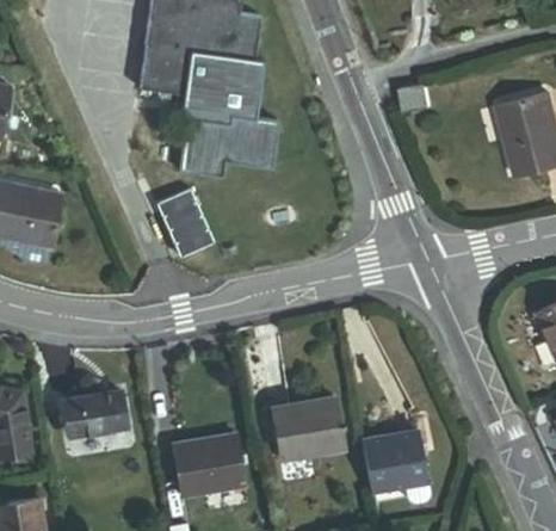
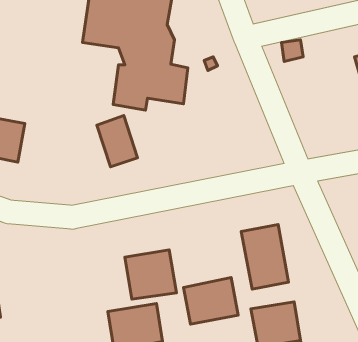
building: none -> [241,224,288,289]
building: none -> [125,250,176,299]
building: [62,391,128,438] -> none

